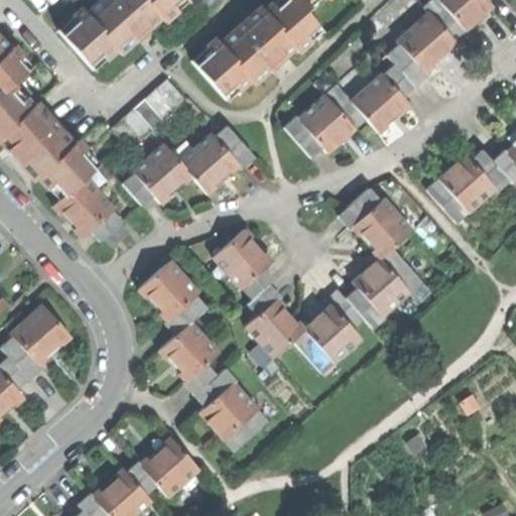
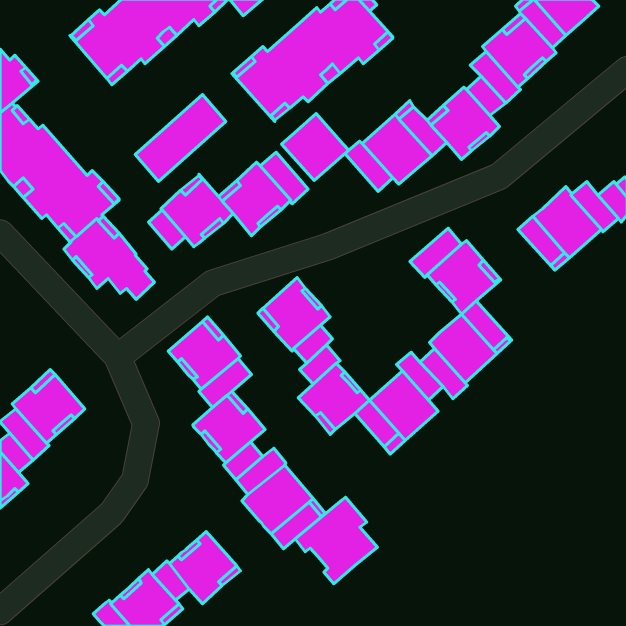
building: none -> [282,114,349,181]
building: none -> [295,497,377,584]

